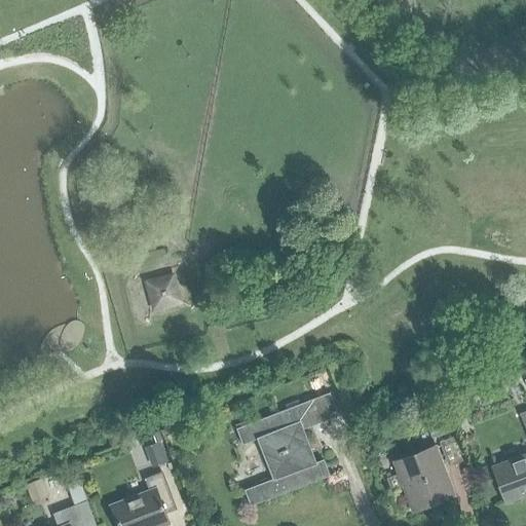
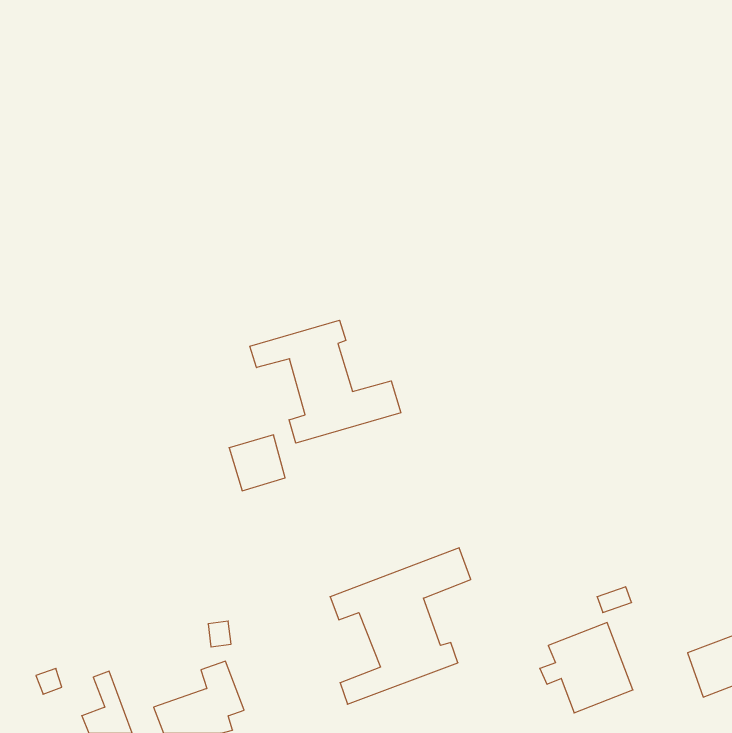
building: none -> [250,320,401,443]
building: [144,273,184,313] -> [229,435,285,491]

